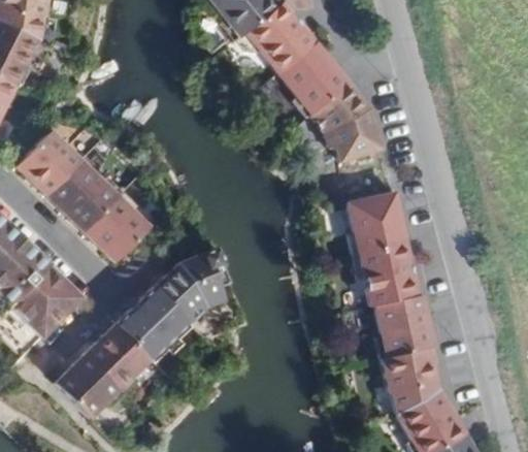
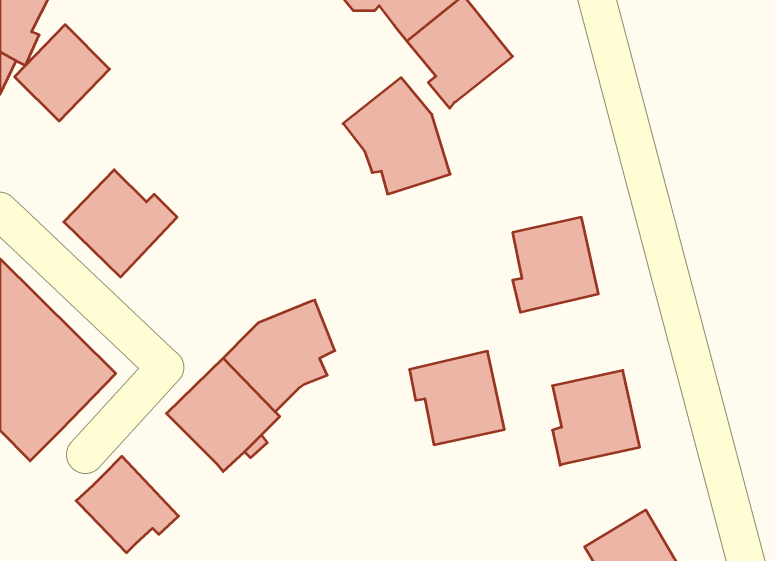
building: [310,84,383,162] -> [343,78,450,194]
building: [18,130,81,195] -> [15,25,110,121]
building: [86,192,151,262] -> none
building: [355,244,419,306] -> [409,351,504,445]
building: [87,324,151,393] -> none
building: [384,347,439,414] -> none

